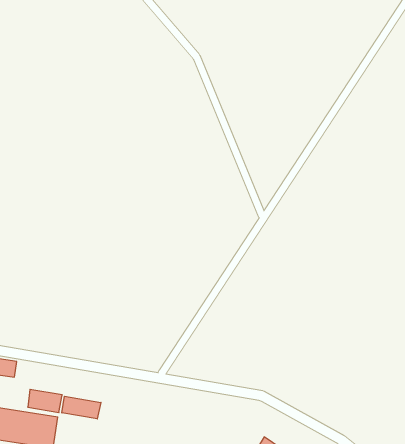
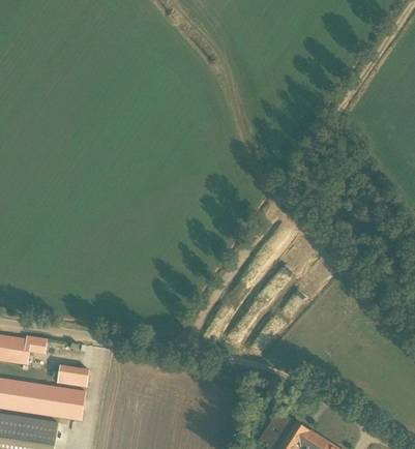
building: [62,396,101,419] -> none

